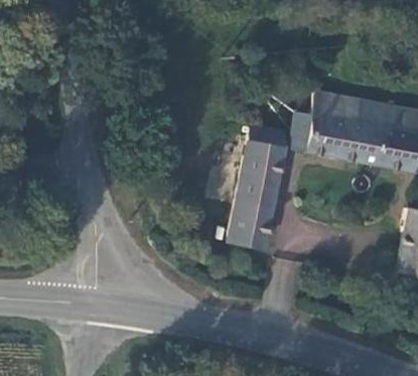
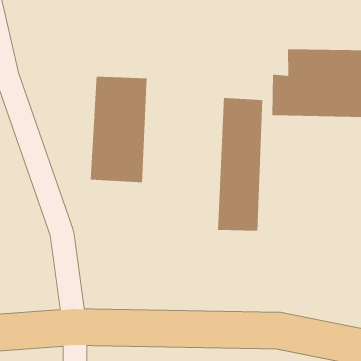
building: none -> [90,76,147,183]

